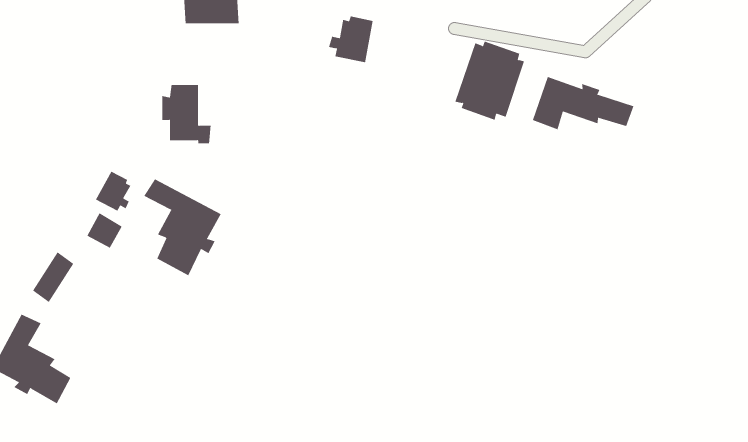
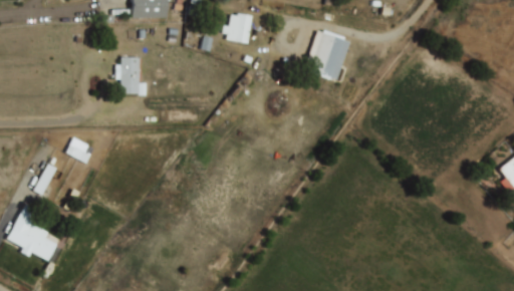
building: [532,76,634,130] -> none
building: [95,171,131,212] -> none
building: [144,178,221,276] -> none

